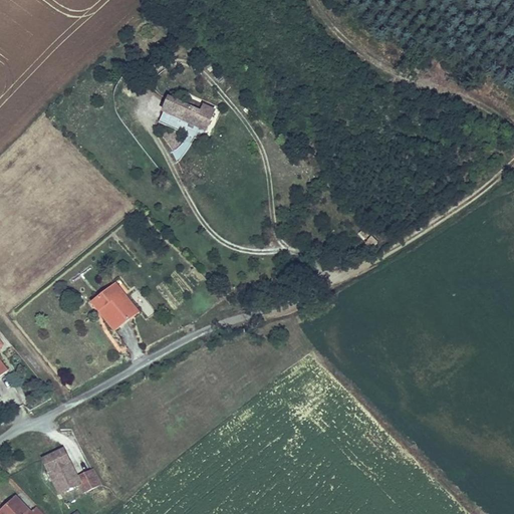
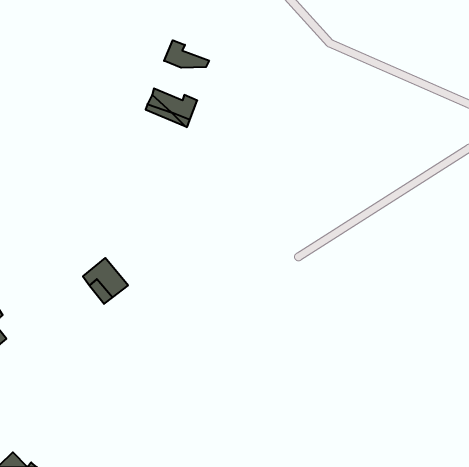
building: none -> [164,40,209,68]
building: [38,446,101,495] -> none

